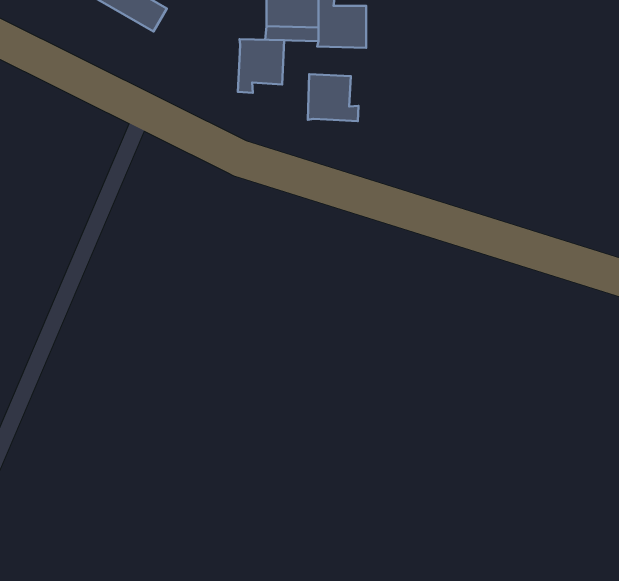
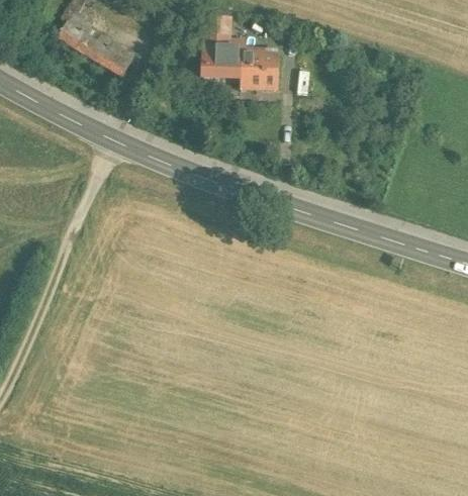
building: [238,39,284,93] -> none
building: [308,74,359,121] -> none

